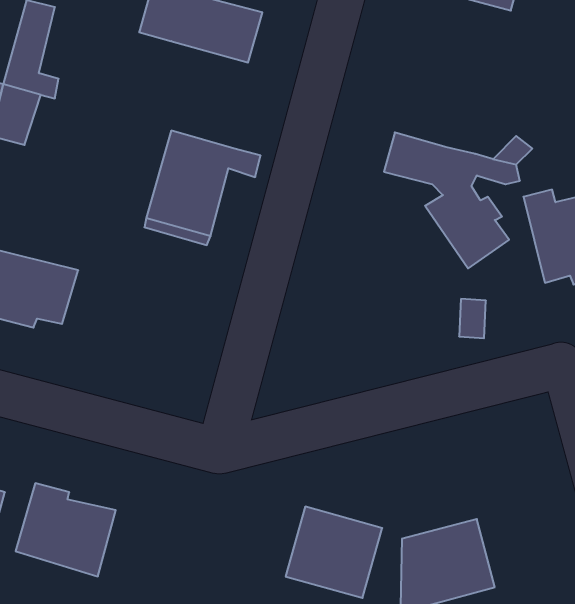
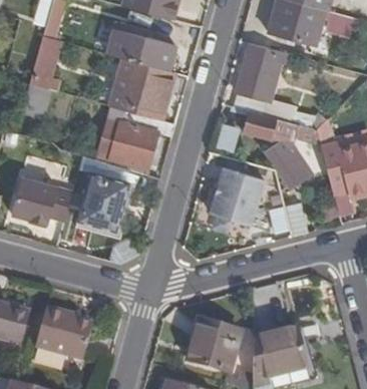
building: none -> [232,44,299,123]
building: none -> [110,60,172,120]
building: none -> [76,170,128,231]
building: none -> [211,170,263,226]

